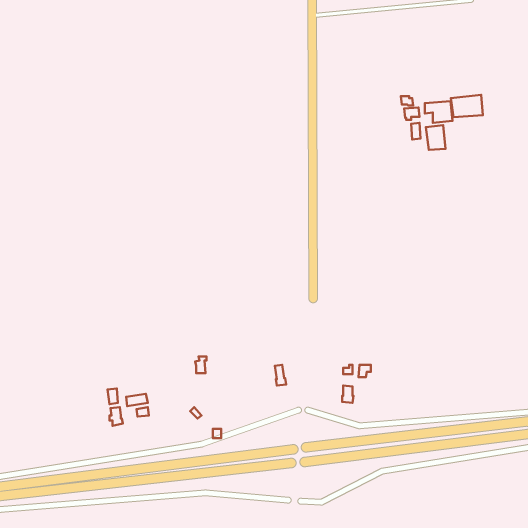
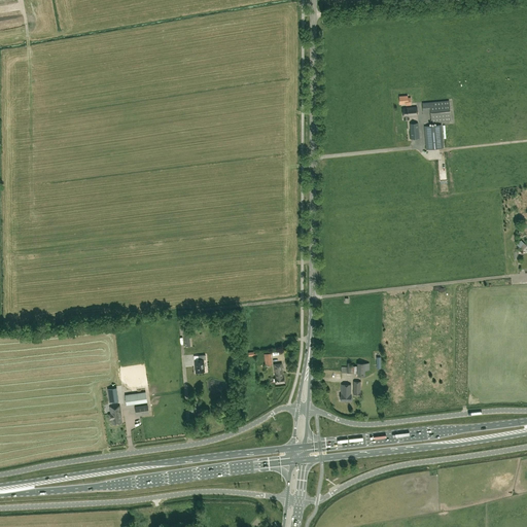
building: [451,95,483,117] -> none

